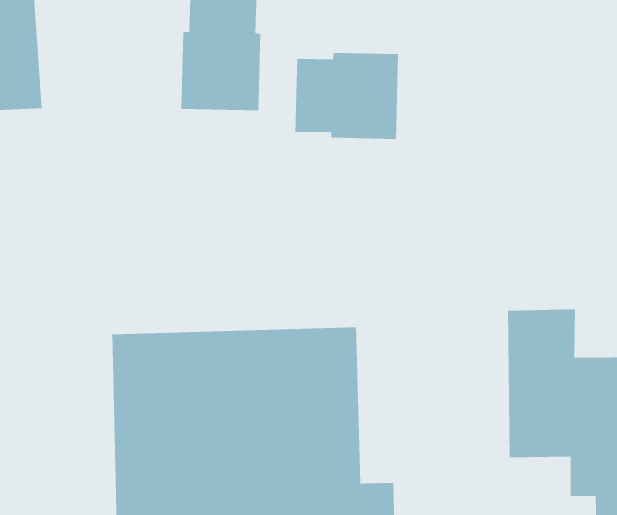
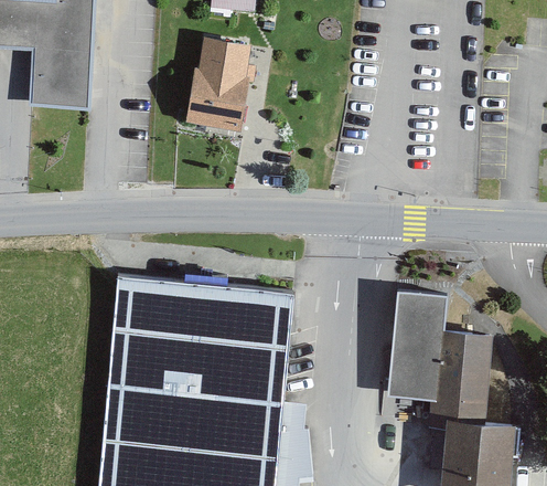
building: [295,52,399,140] -> none

